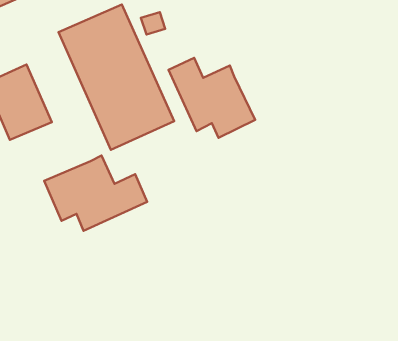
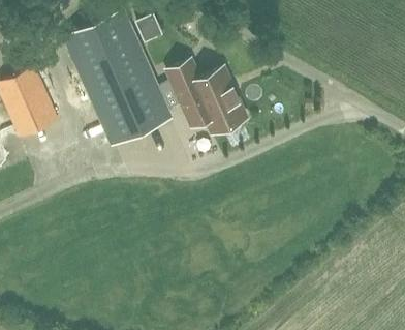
building: [44,155,147,231] -> none

